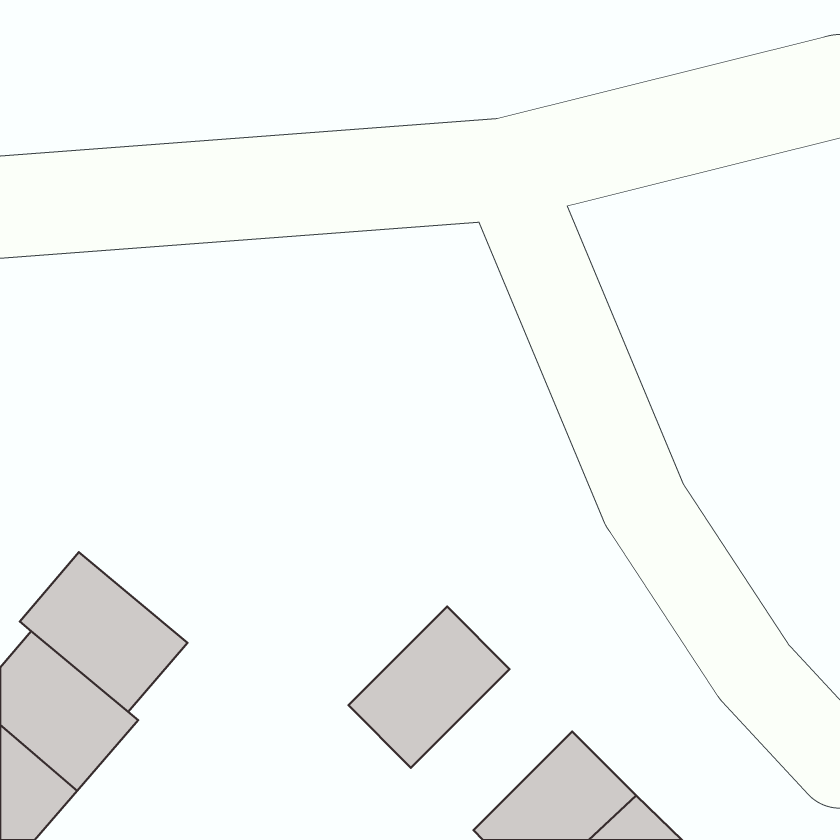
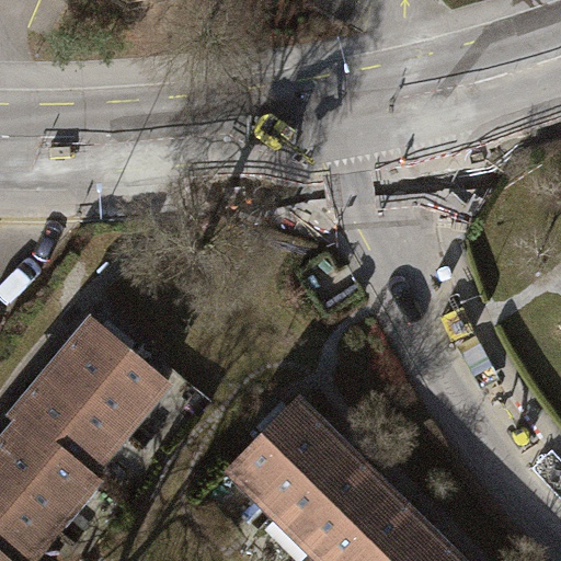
building: none -> [53,321,163,428]
building: none -> [274,446,381,553]

